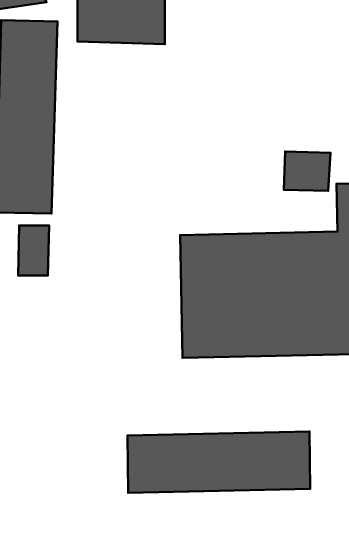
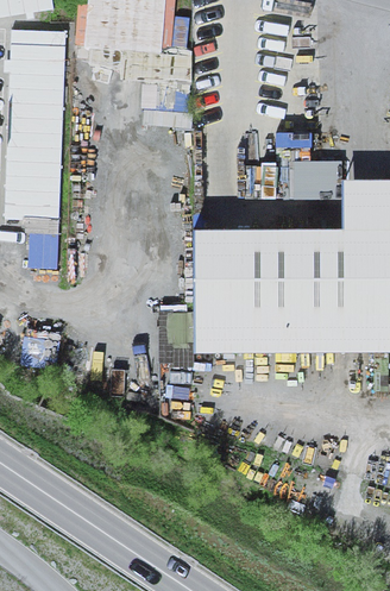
building: [127,432,310,493] -> none

